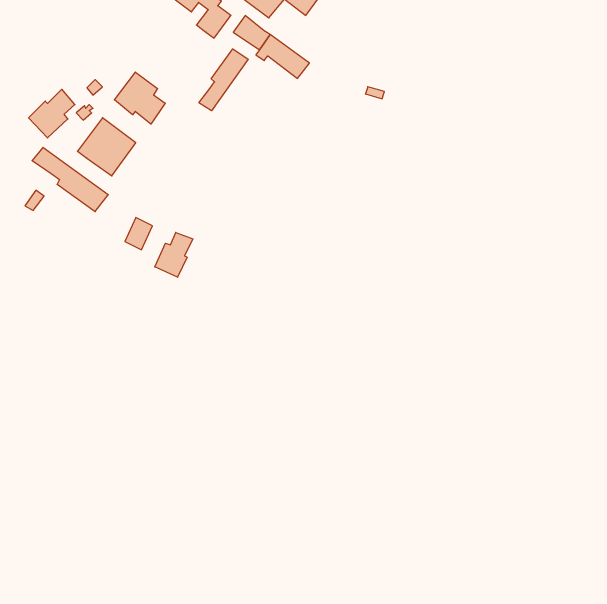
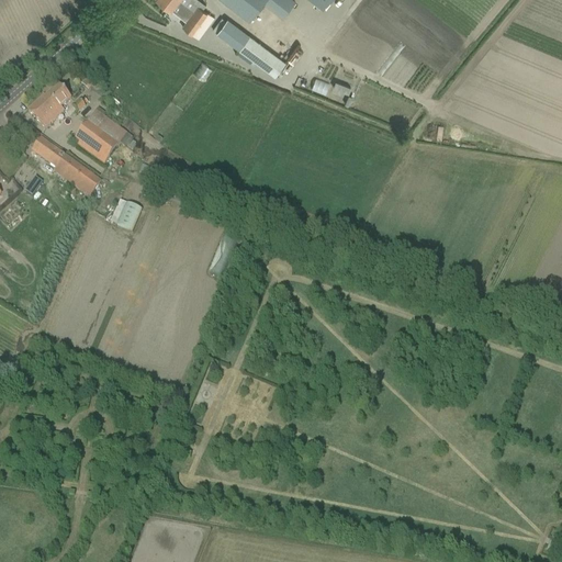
building: [199,49,248,111] -> none
building: [114,72,165,124] -> none
building: [155,232,193,277] -> none

